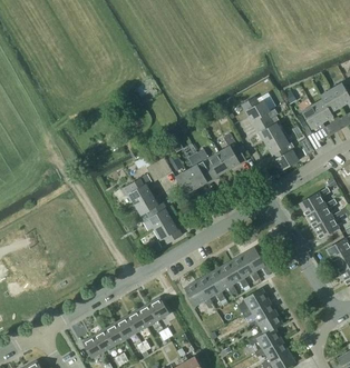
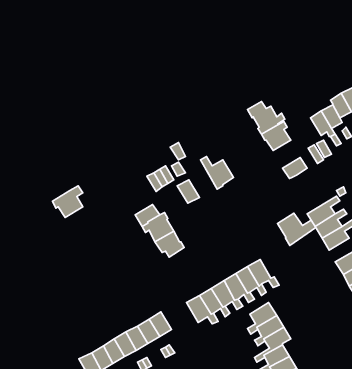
building: [266,132,295,160] -> none
building: [218,133,246,169] -> none
building: [186,152,213,188] -> none
building: [123,175,152,205] -> [52,186,83,217]
building: none -> [278,213,316,245]

